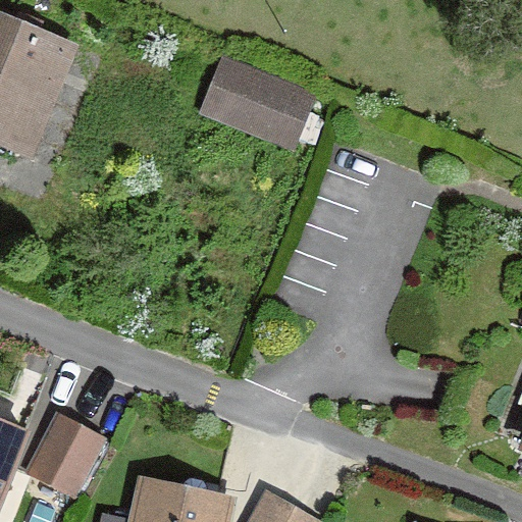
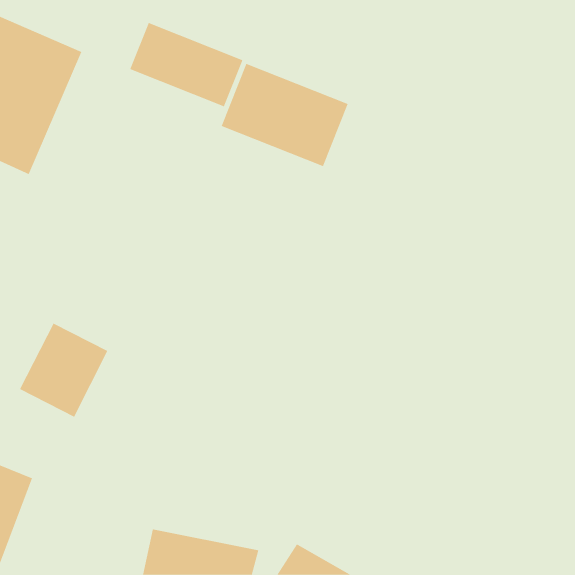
building: none -> [130,22,243,107]
building: [24,412,105,498] -> [19,323,108,417]

